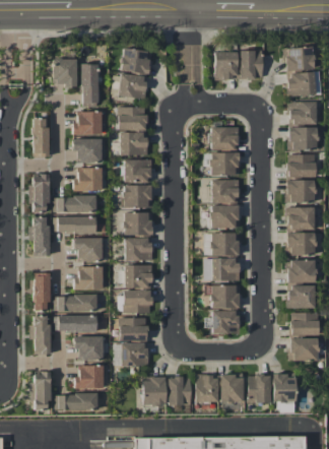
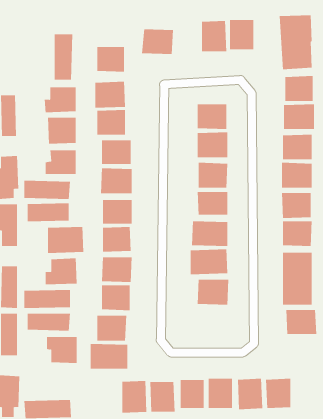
building: [122,50,151,73] -> [141,29,174,55]
building: [54,59,78,88] -> none
building: [210,311,240,334] -> none
building: [290,338,319,362] -> none
building: [75,366,104,389] -> none

